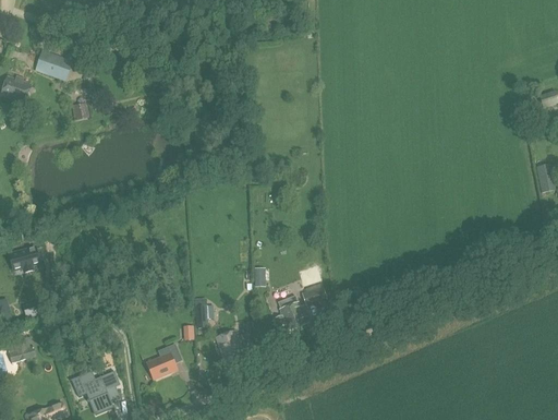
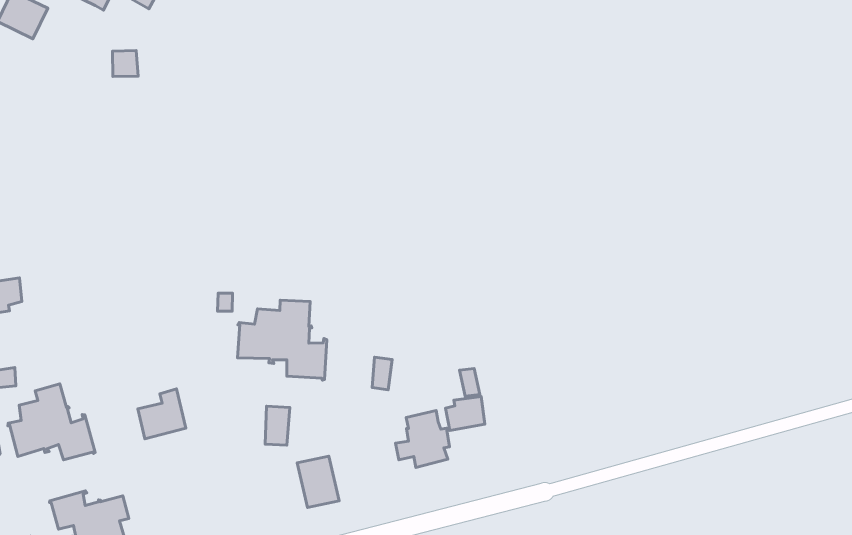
building: none -> [237,300,327,380]
building: none -> [8,384,95,460]
building: [146,347,177,380] -> [138,389,186,439]

